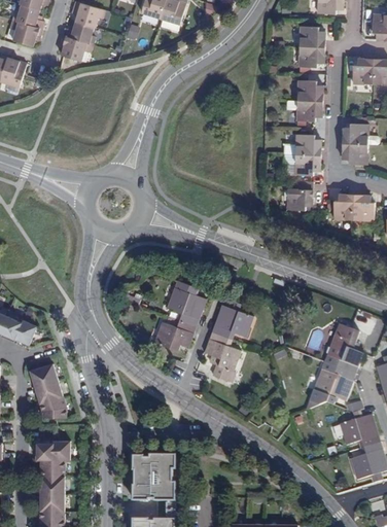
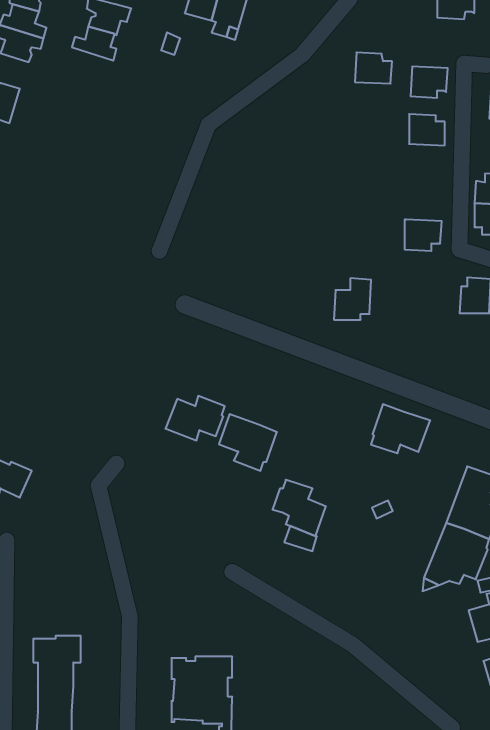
building: [300,26,325,47] -> [355,52,392,84]
building: [60,33,93,59] -> none
building: [296,100,322,120] -> none
building: [294,133,320,153] -> none
building: [286,179,312,208] -> [334,278,371,320]
building: [212,305,253,339] -> [371,404,430,453]
building: [153,319,195,350] -> [165,396,225,440]
building: [29,363,66,417] -> none

